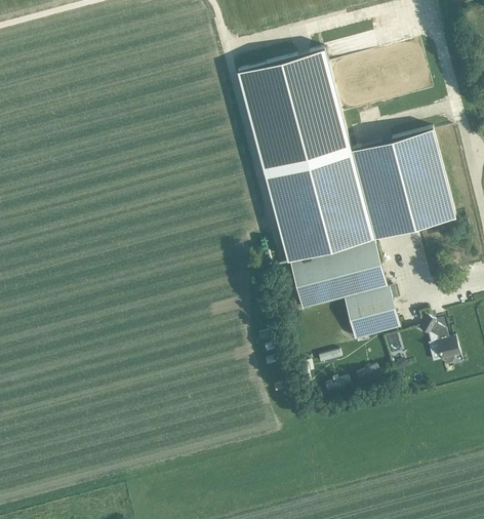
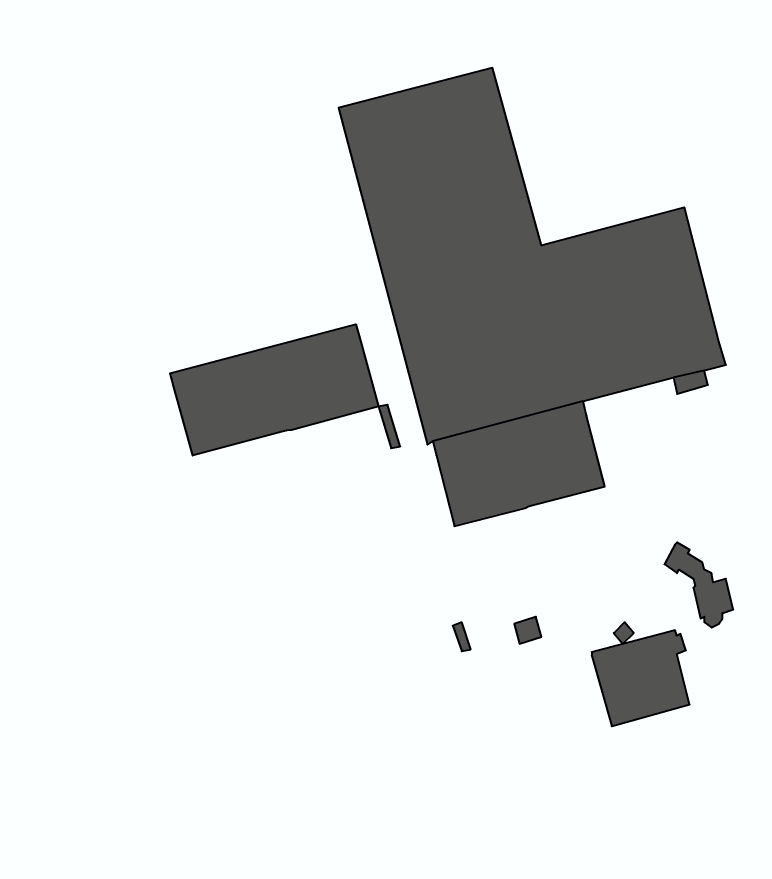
building: none -> [170,324,378,456]
building: [345,286,400,341] -> [592,630,690,726]

